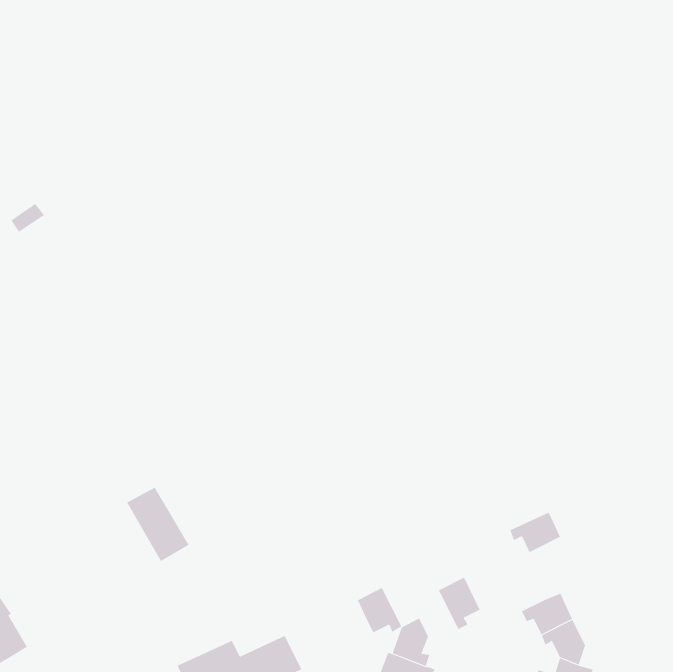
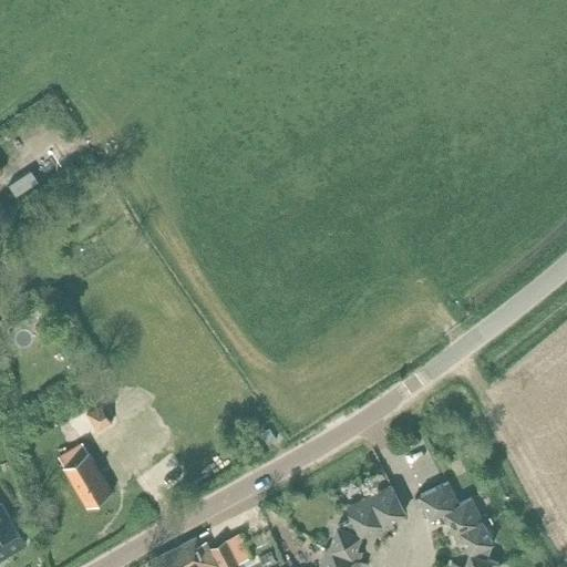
building: [126,487,189,562] -> [58,444,111,507]
building: [510,512,561,553] -> [414,484,457,518]
building: [357,587,402,633] -> [347,497,384,536]

